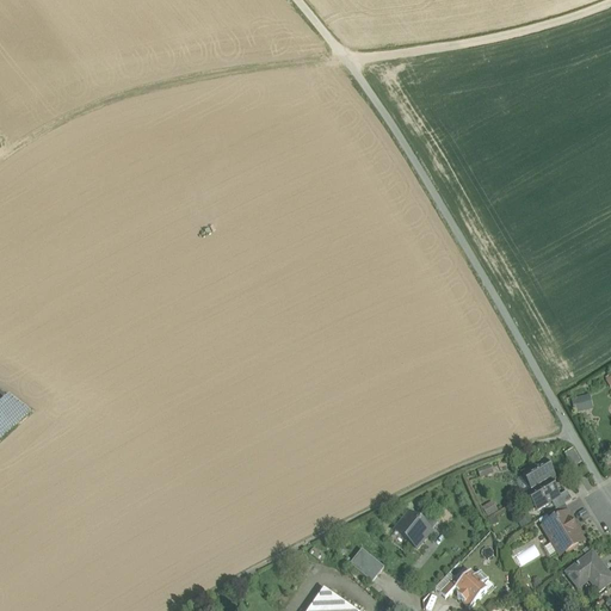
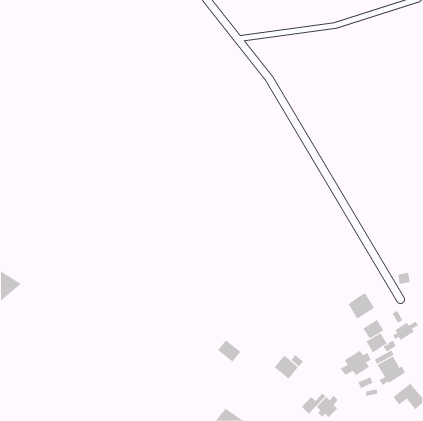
building: none -> [348,292,375,319]
building: none -> [392,321,419,341]
building: none -> [340,350,372,376]
building: [350,549,384,582] -> [217,339,241,363]

